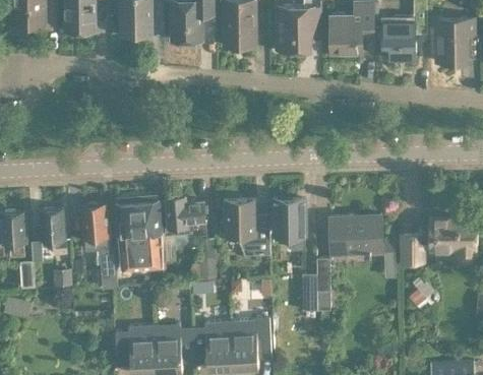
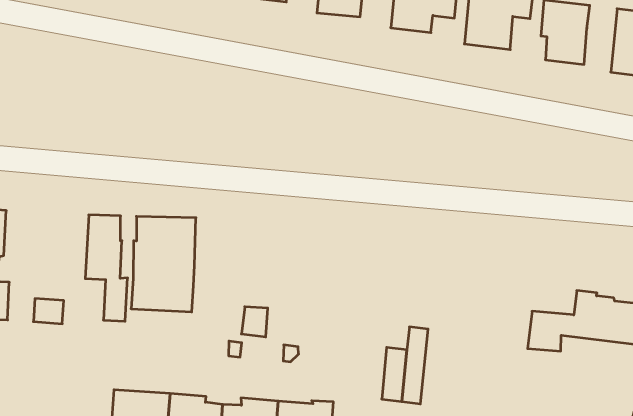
building: [163,197,207,260] -> none
building: [221,200,270,256] -> none
building: [280,200,305,250] -> none
building: [41,208,66,254] -> none
building: [330,215,395,255] -> none

